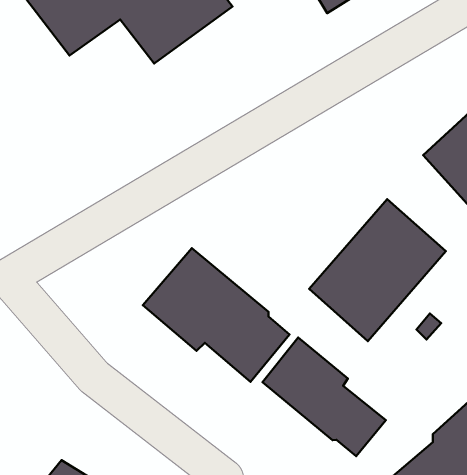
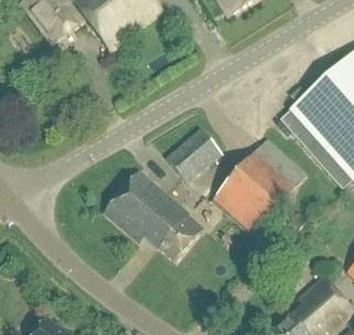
building: none -> [165,129,221,182]
building: [263,338,386,456] -> none

